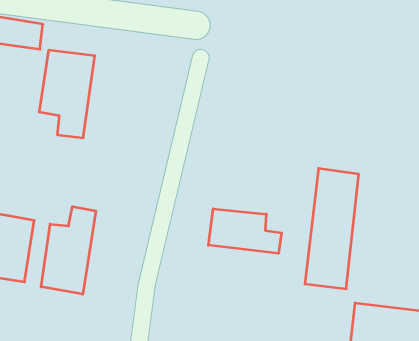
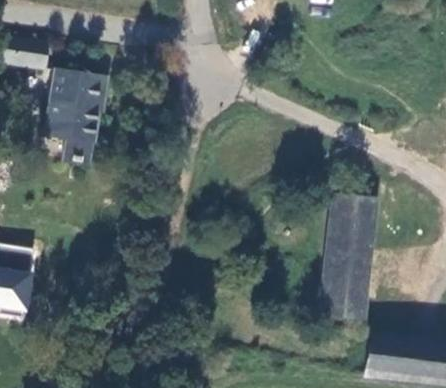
building: [41,207,96,294] -> none
building: [208,209,282,253] -> none

